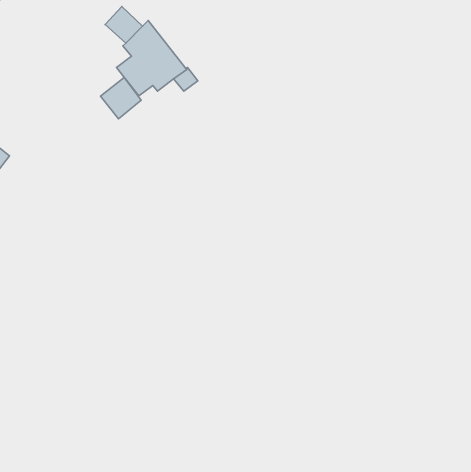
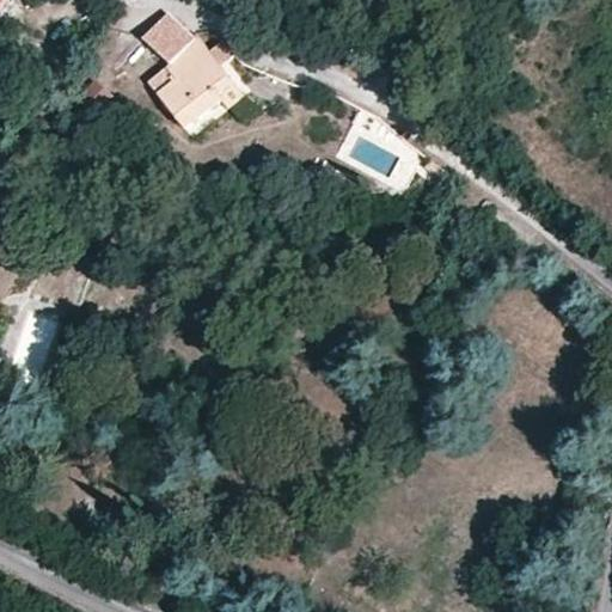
building: [101,78,141,119] -> none

